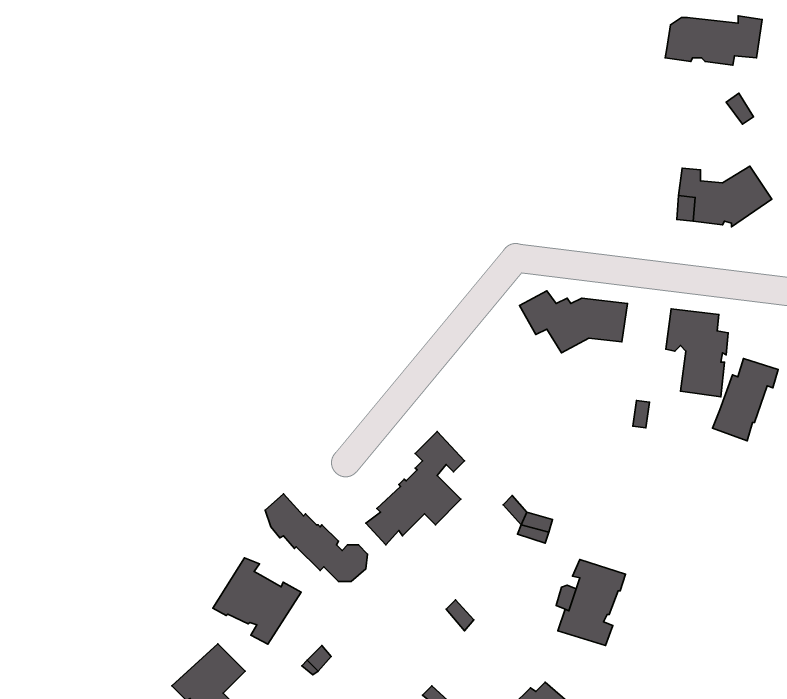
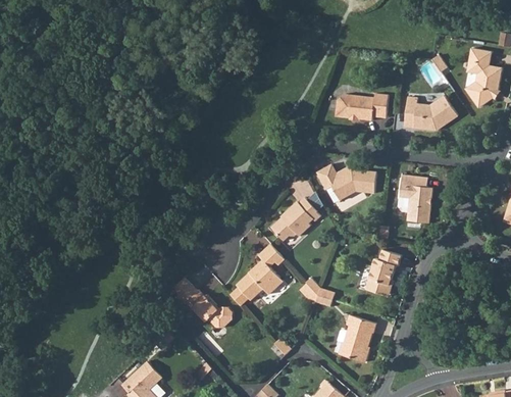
building: [665,16,762,65] -> [334,93,388,120]
building: none -> [271,198,320,241]
building: [712,358,778,441] -> [364,250,401,296]
building: [213,558,301,644] -> none

